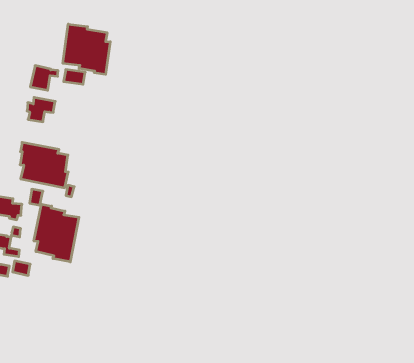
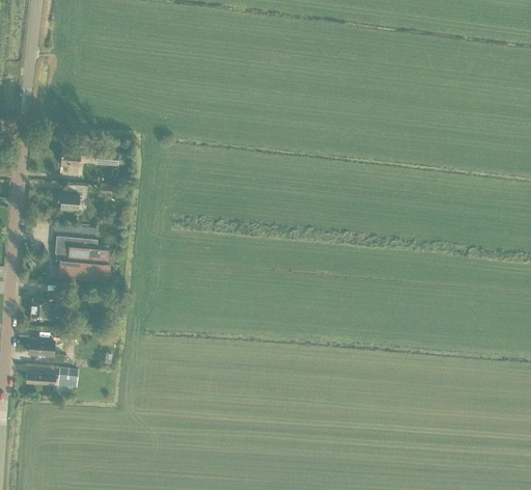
building: [63,24,110,74] -> none
building: [34,204,79,262] -> none

